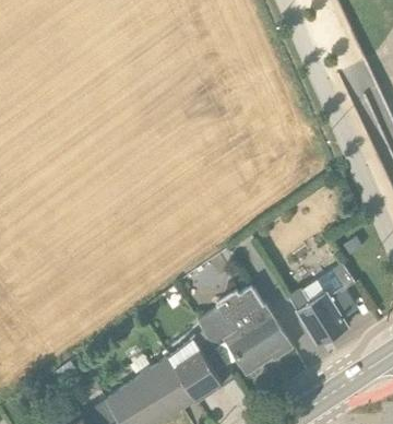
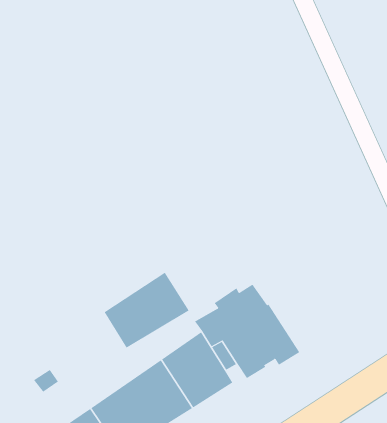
building: [291,263,357,343] -> none
building: none -> [104,272,189,349]

